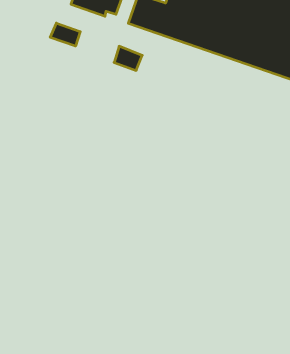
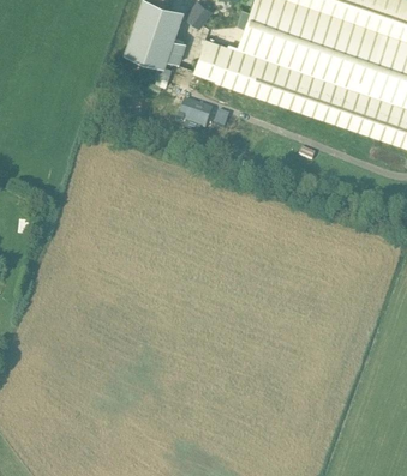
building: [50,23,80,46] -> none

